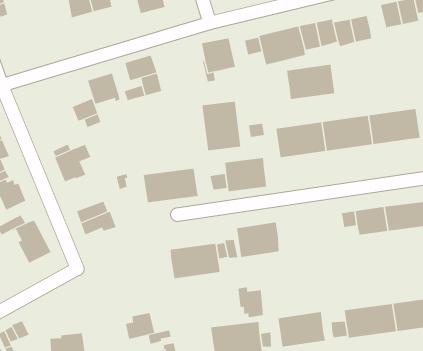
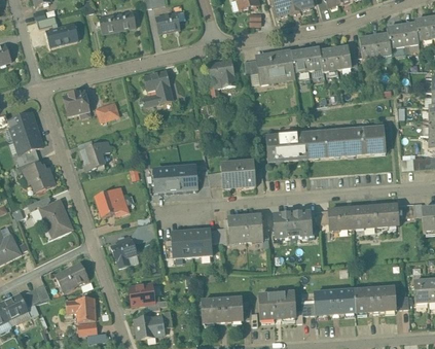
building: none -> [46,23,78,45]
building: [286,64,335,100] -> none
building: [87,73,120,105] -> [63,90,89,115]
building: [202,101,241,151] -> none
building: none -> [273,210,312,238]
building: none -> [111,237,136,266]
building: [238,287,264,318] -> none
building: none -> [55,260,88,285]

